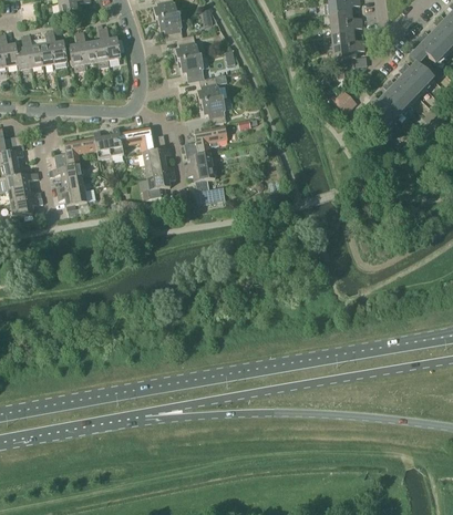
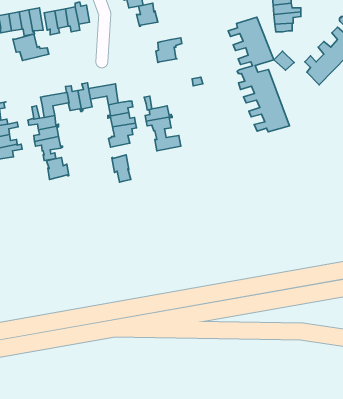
building: none -> [228,17,290,132]
building: [179,54,204,81] -> none
building: none -> [13,34,49,60]
building: [202,96,226,123] -> none
building: [195,125,227,154] -> none
building: none -> [112,155,131,182]
building: none -> [46,157,69,179]

